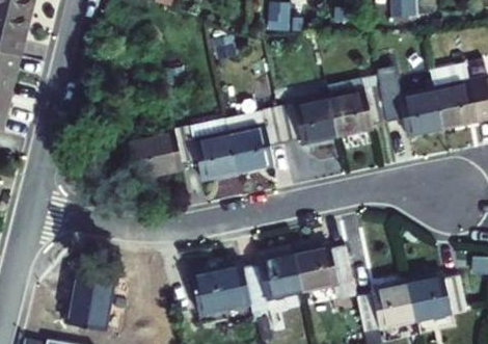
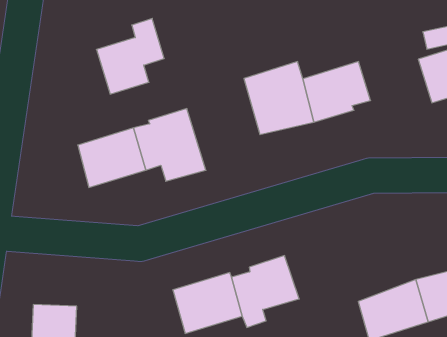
building: [377,87,438,139] -> none
building: [224,109,283,173] -> [96,18,164,94]
building: [295,247,356,305] -> none

